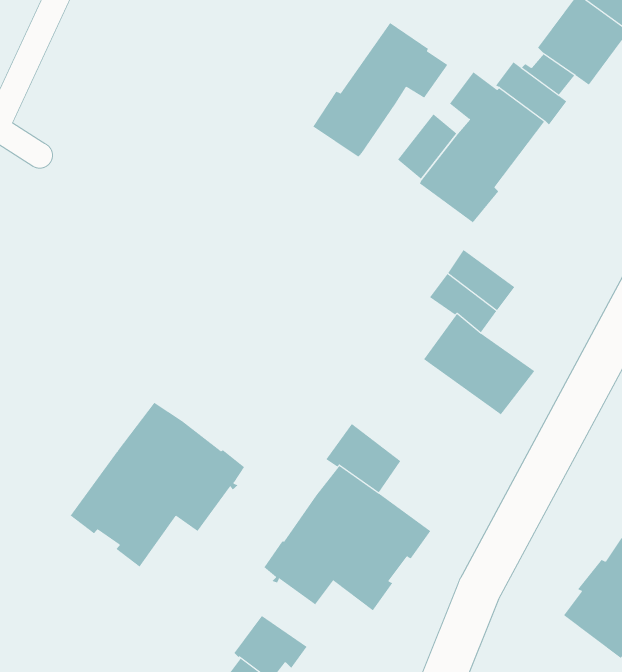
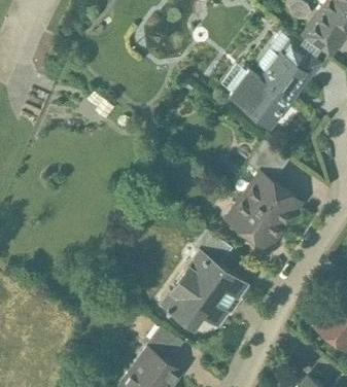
building: [313,22,448,157] -> none
building: none -> [227,198,283,250]
building: [70,402,245,567] -> none

